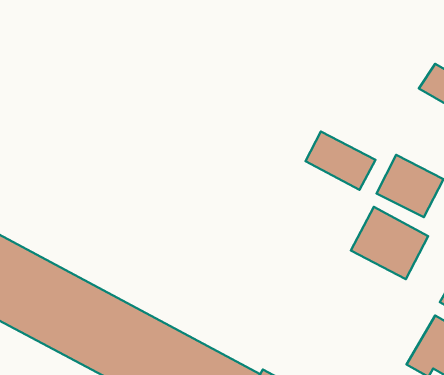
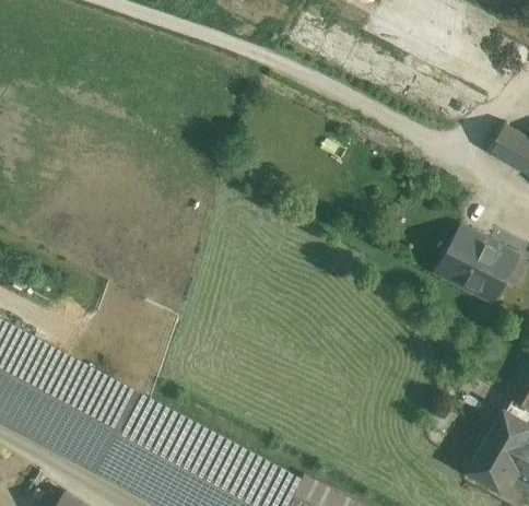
building: [306,131,375,190] -> none
building: [351,207,428,279] -> none

